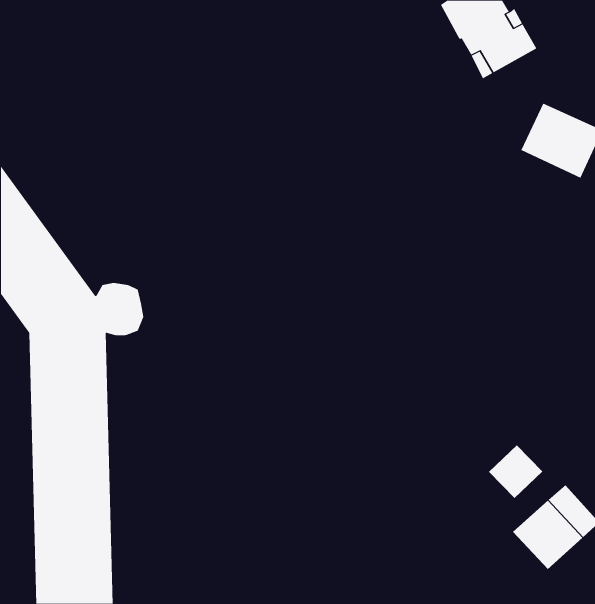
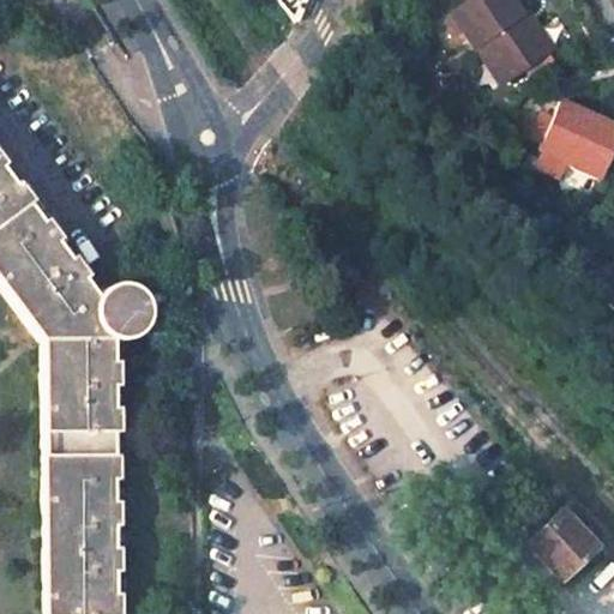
building: [488,445,543,499] -> none

